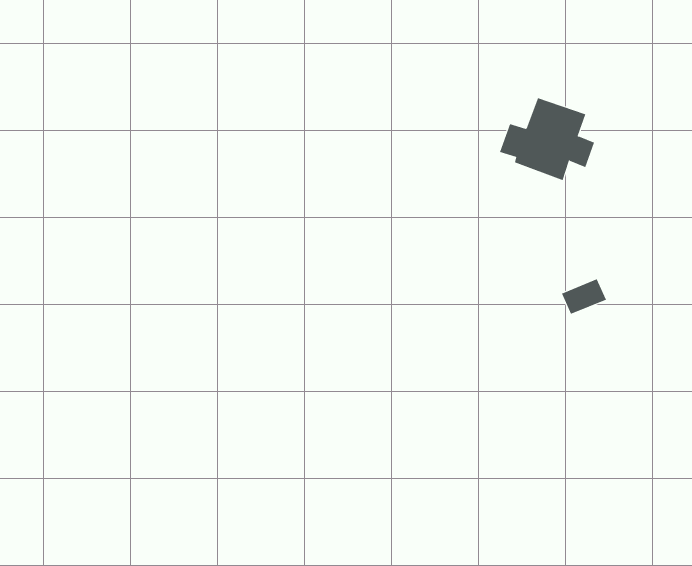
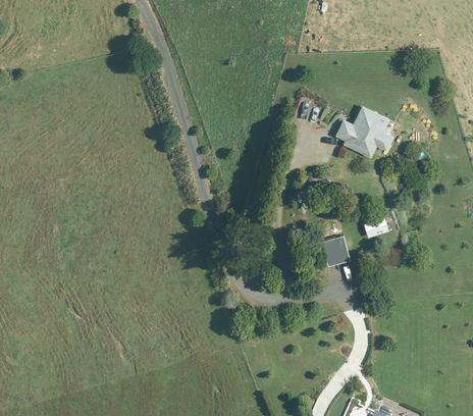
building: none -> [320,233,348,263]

